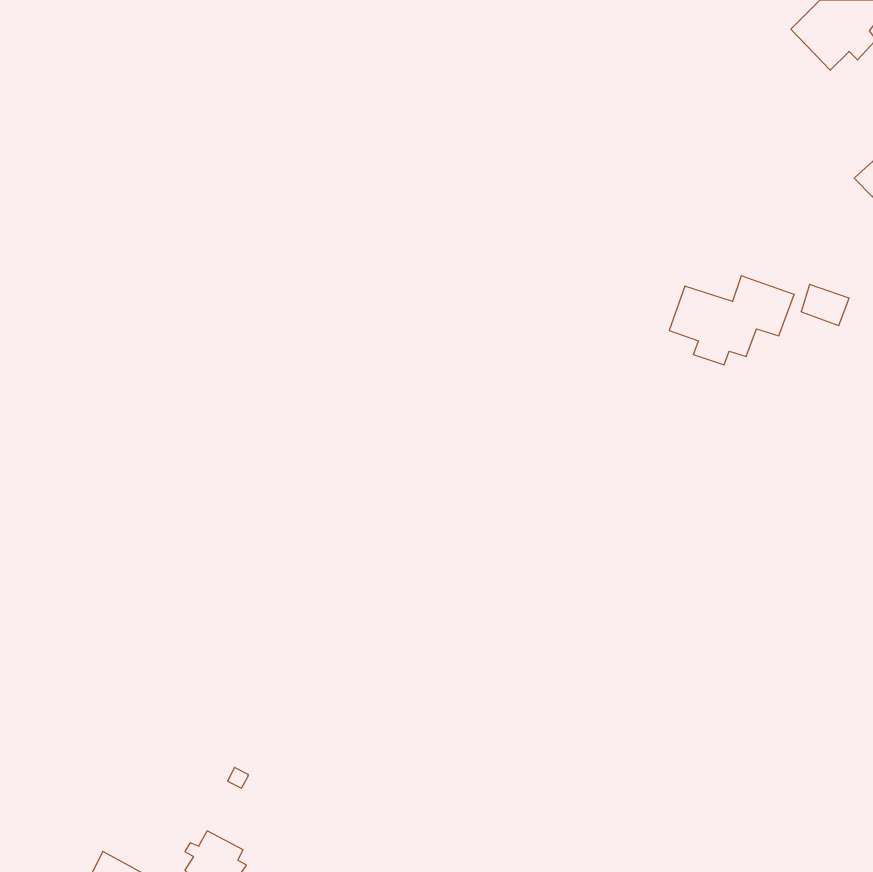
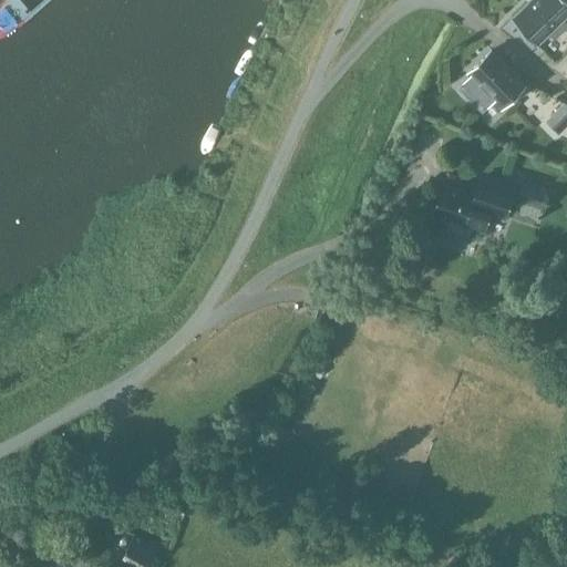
building: none -> [461,53,526,113]

